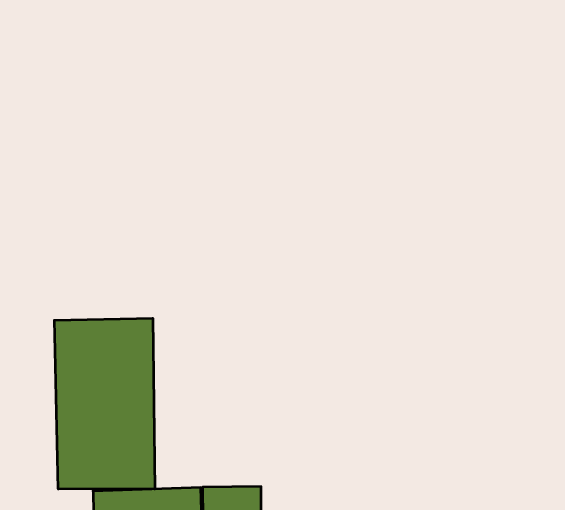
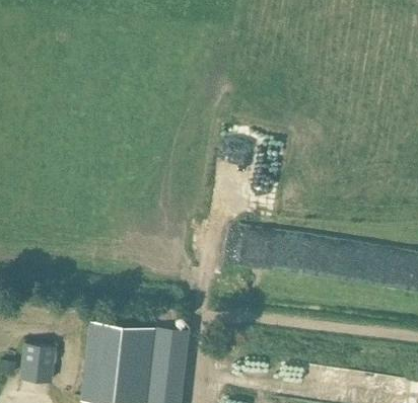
building: [54,318,155,489] -> none

